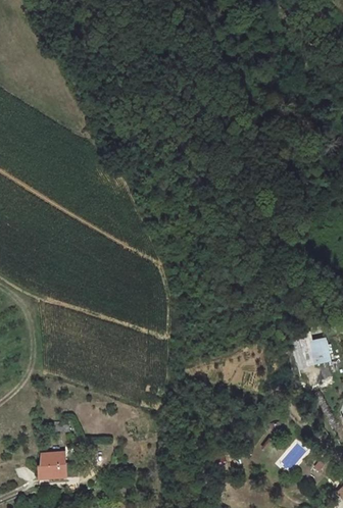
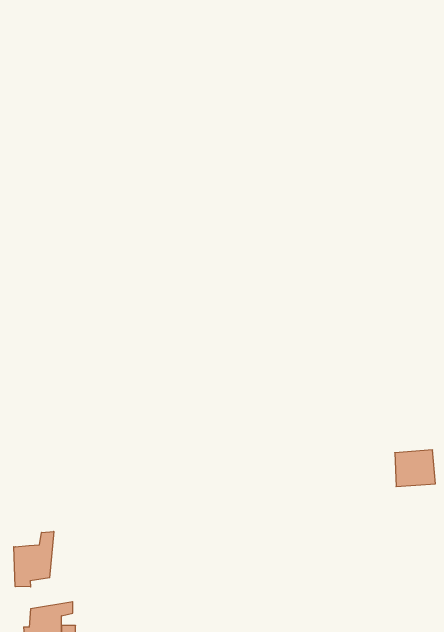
building: none -> [14,531,54,587]

